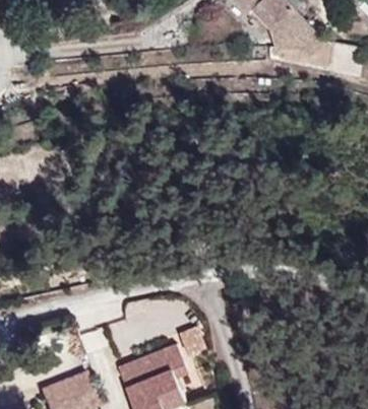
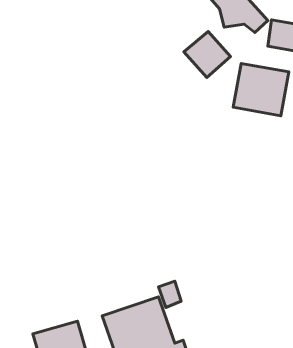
building: none -> [184,32,231,78]
building: none -> [233,63,289,116]

